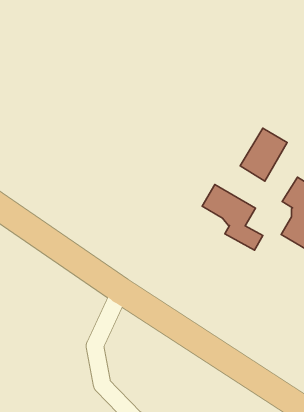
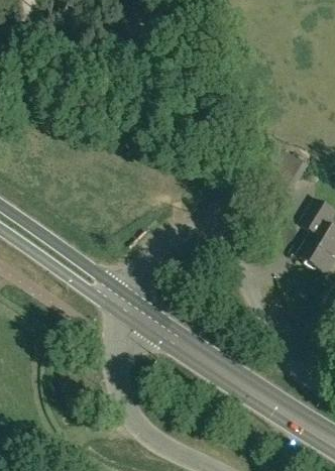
building: [202,184,263,250] -> none

